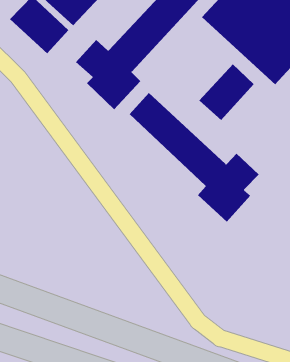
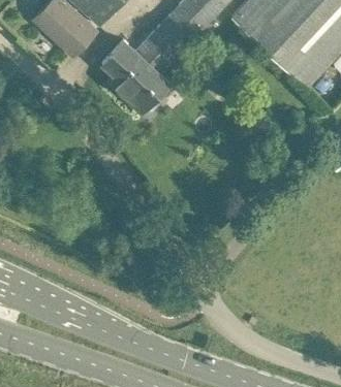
building: [199,64,255,121] -> none
building: [129,92,260,223] -> none

